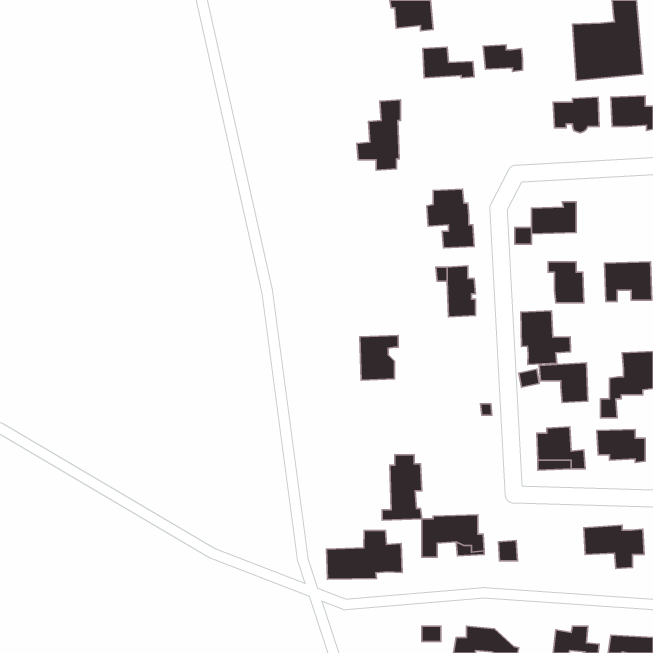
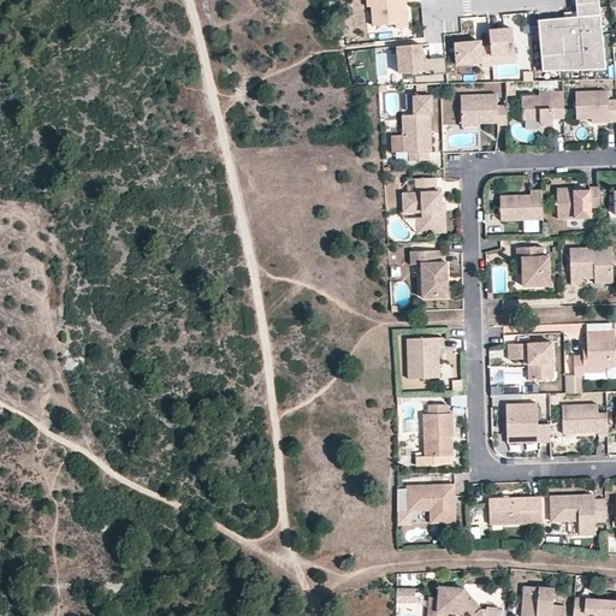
building: none -> [490,29,515,55]
building: none -> [461,94,508,125]
building: [357,100,400,170] -> [391,95,432,161]
building: none -> [556,186,600,219]
building: [521,311,570,364] -> none
building: [360,336,398,380] -> [407,337,443,379]
building: [382,455,422,520] -> [416,404,454,466]
building: none -> [488,497,543,532]
building: [326,530,402,579] -> none

